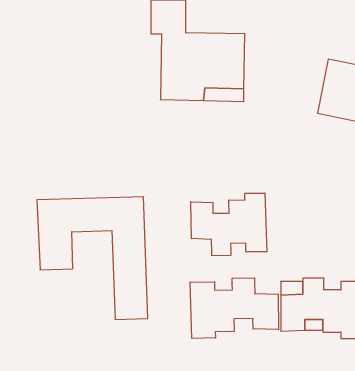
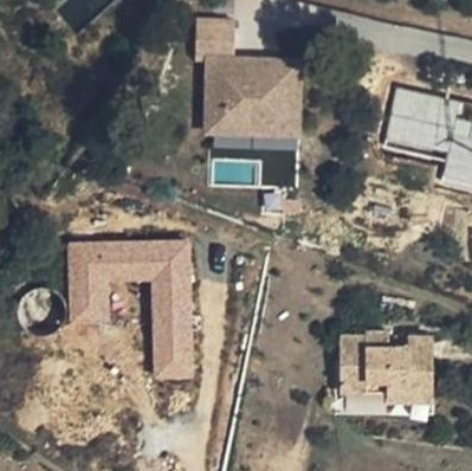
building: [191,193,267,256] -> none
building: [190,278,279,338] -> none

